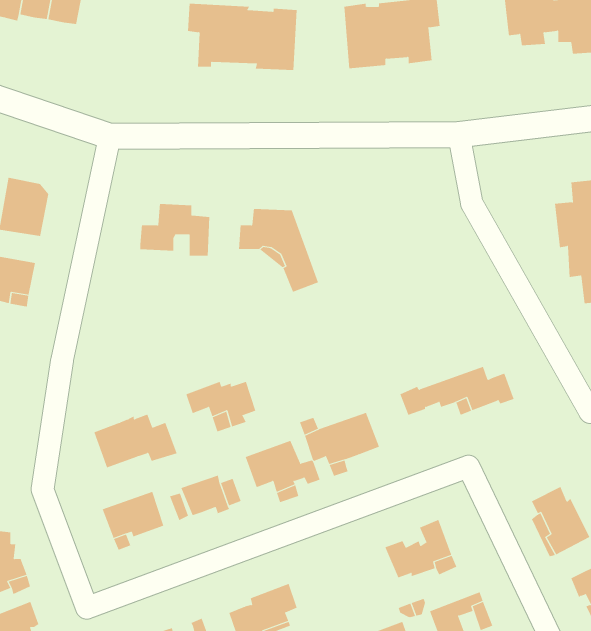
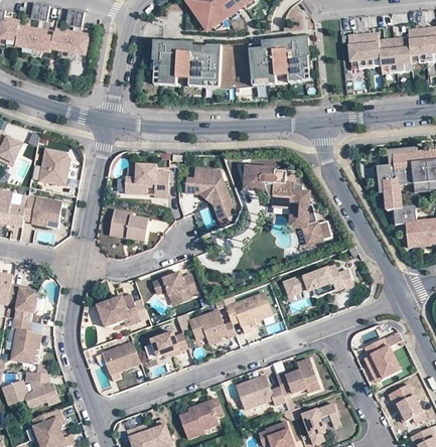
building: none -> [239,164,331,243]
building: none -> [111,209,148,240]
building: none -> [236,375,285,409]

